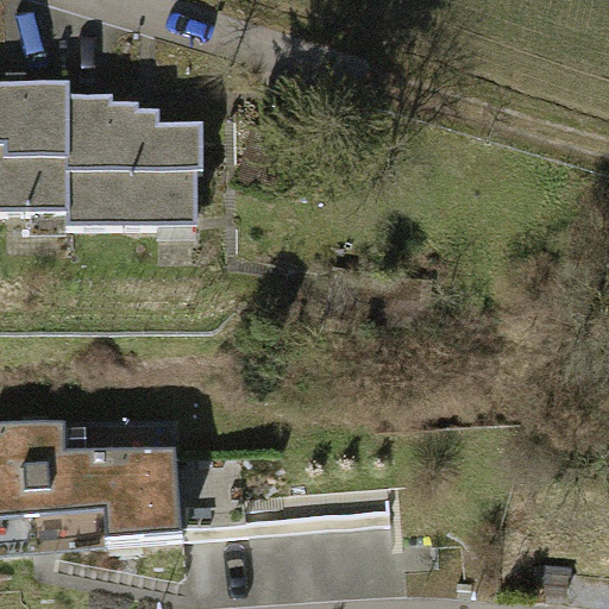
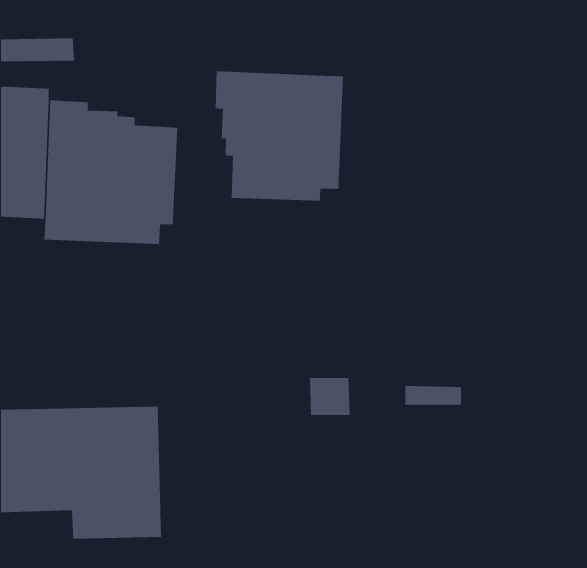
building: none -> [215,70,344,201]

